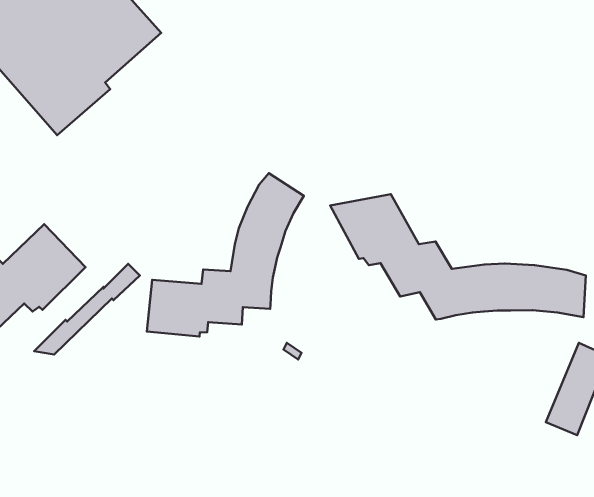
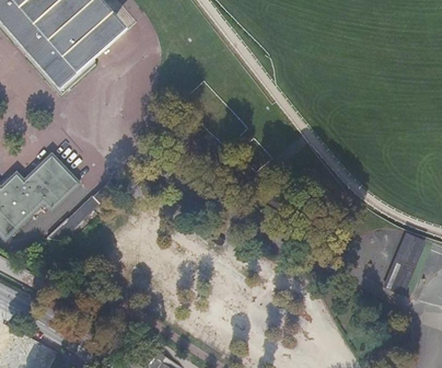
building: [147,173,304,337] -> none
building: [330,194,586,320] -> none

